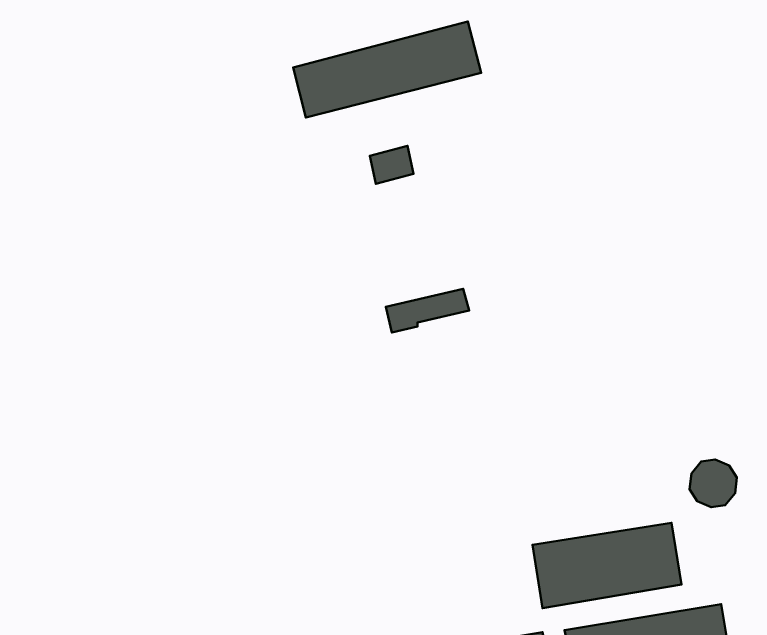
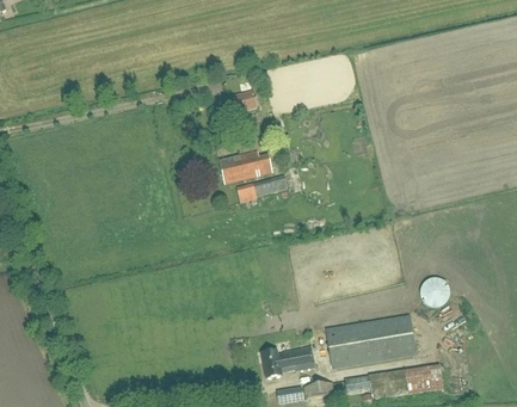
building: [293,22,481,117] -> none
building: none -> [220,152,271,183]
building: none -> [261,345,314,377]

